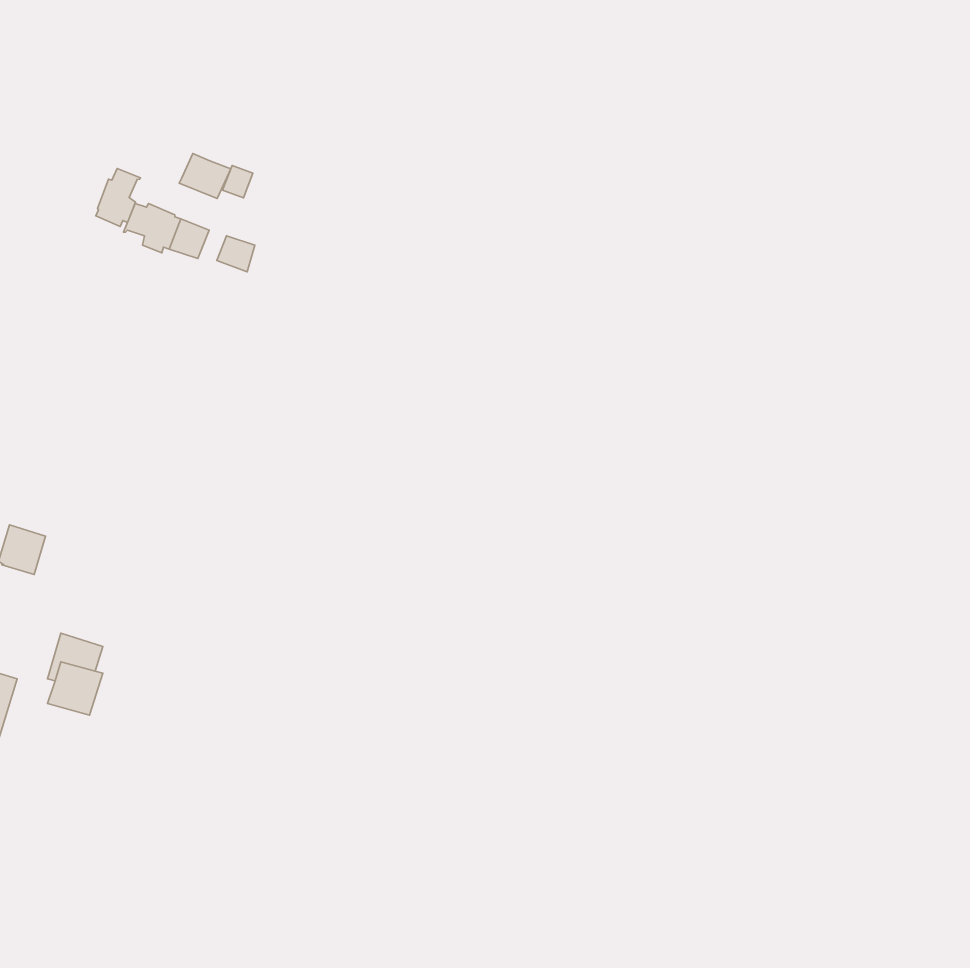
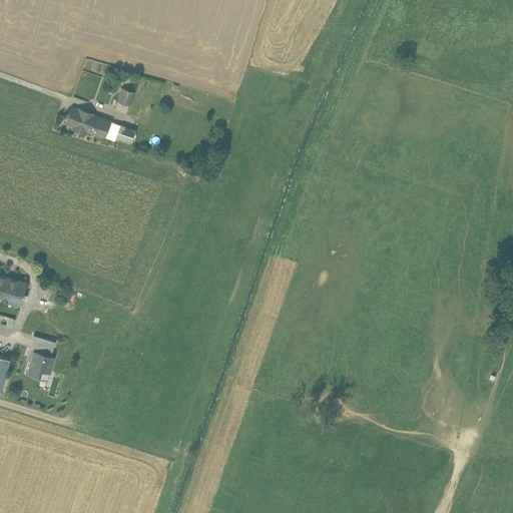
building: [179,154,231,198] -> none
building: [96,168,141,226] -> none

